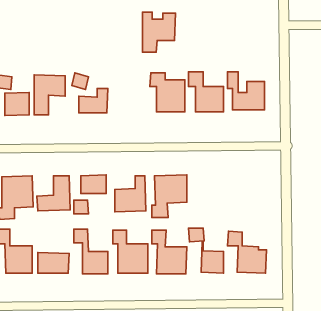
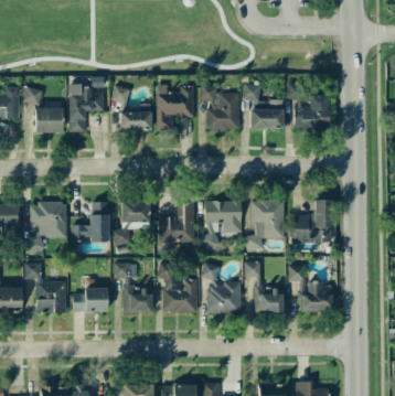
building: [143,12,176,52] -> [157,85,194,130]
building: none -> [245,200,285,250]
building: none -> [295,200,332,243]

